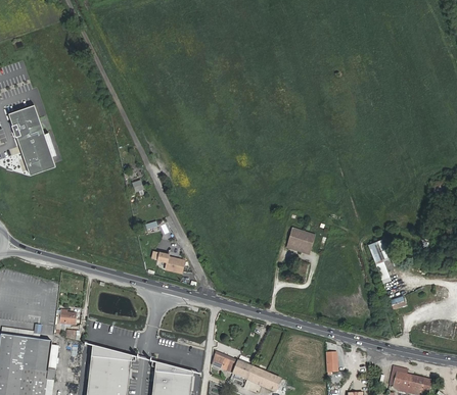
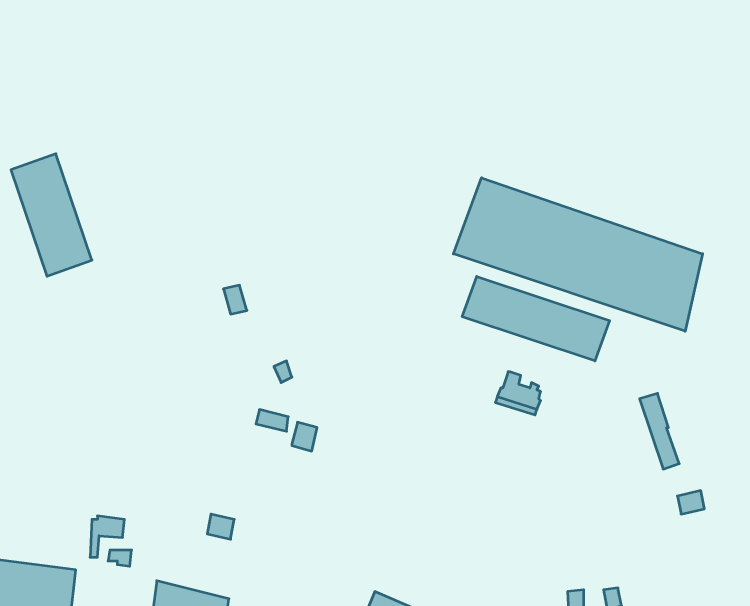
building: none -> [453,178,703,331]
building: none -> [462,276,610,361]

